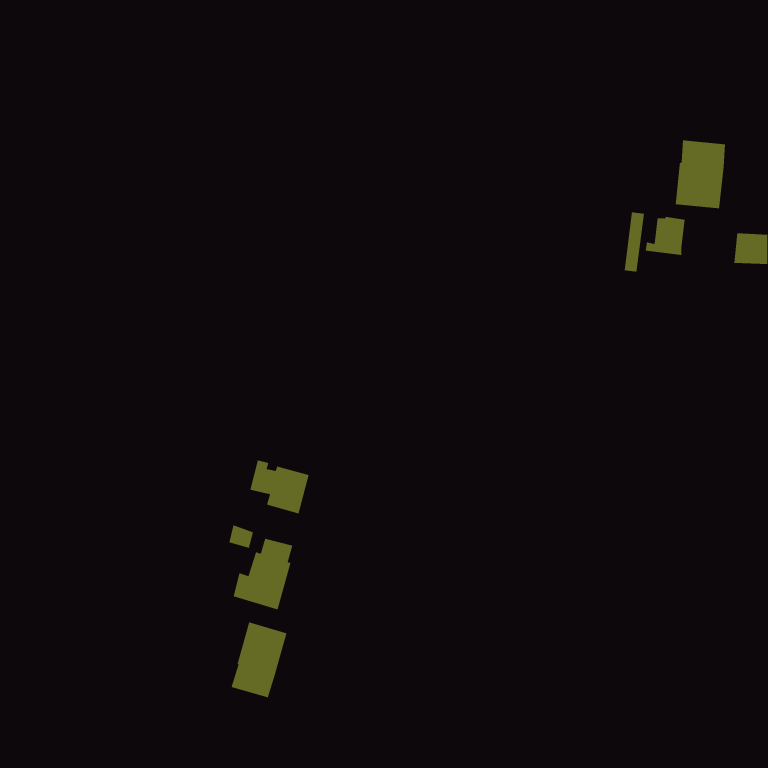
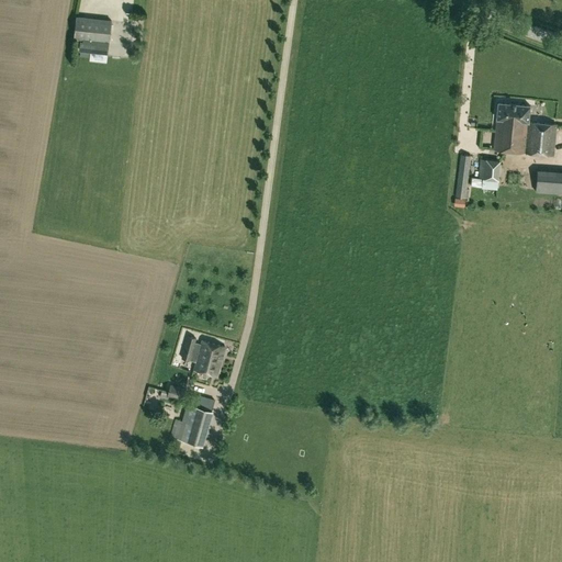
building: none -> [75,18,112,54]
building: none -> [526,122,557,156]
building: [231,622,287,698] -> none

